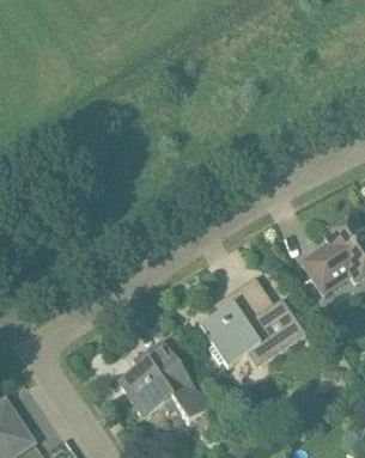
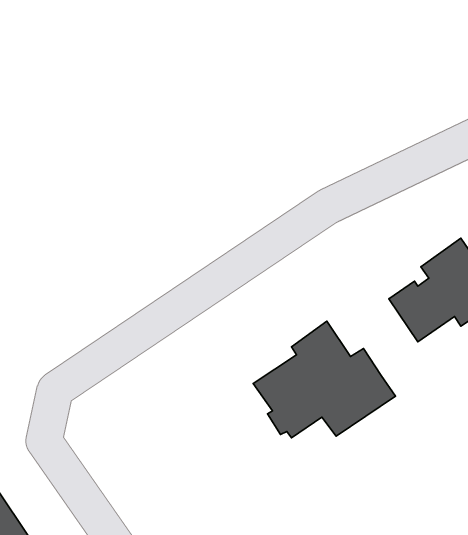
building: [118,340,209,422] -> none

